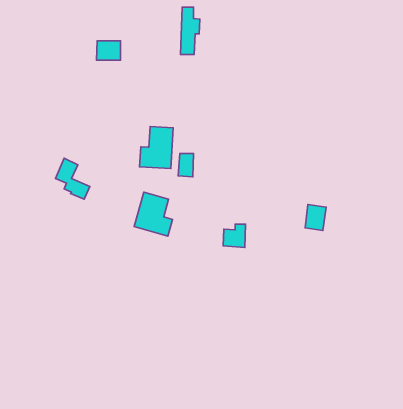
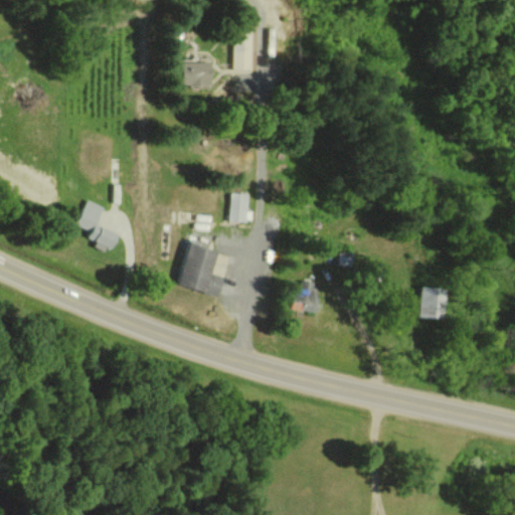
building: [96,41,120,60] -> [179,62,209,87]
building: [140,127,173,168] -> none
building: [305,205,326,230] -> [417,288,444,320]

